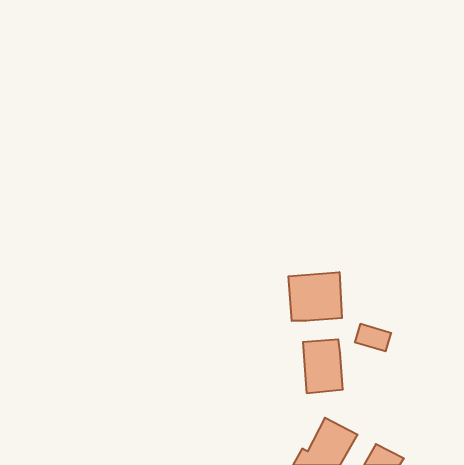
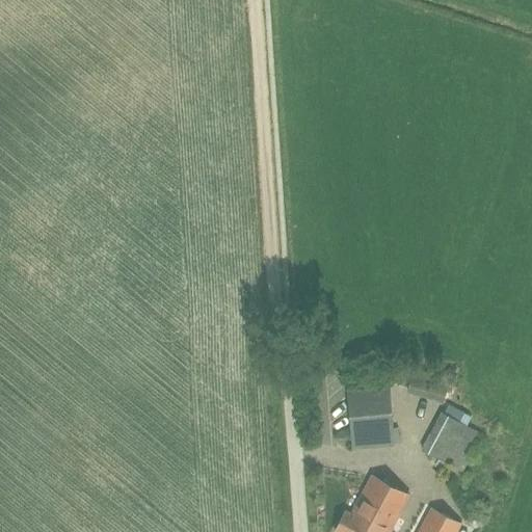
building: [288,272,342,321] -> none
building: none -> [420,413,481,472]

